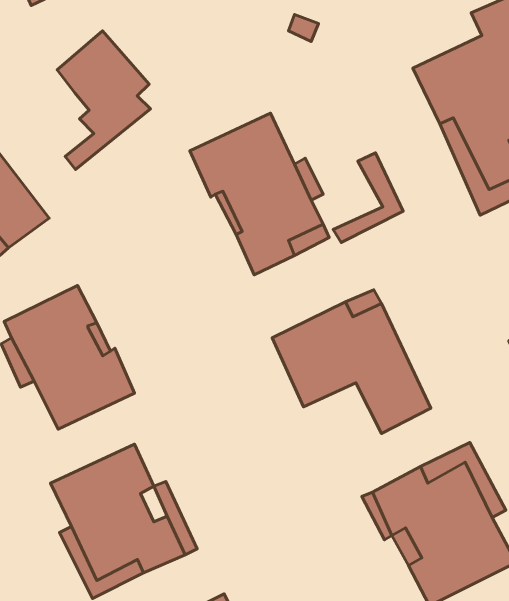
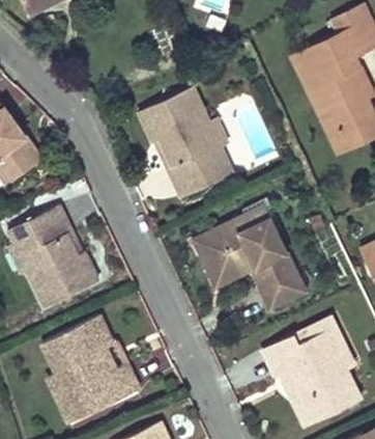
building: [57,31,150,170] -> none
building: [333,153,403,243] -> none

